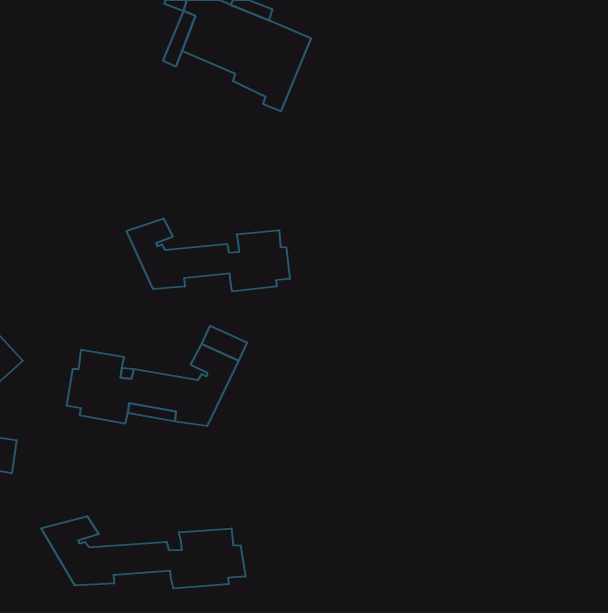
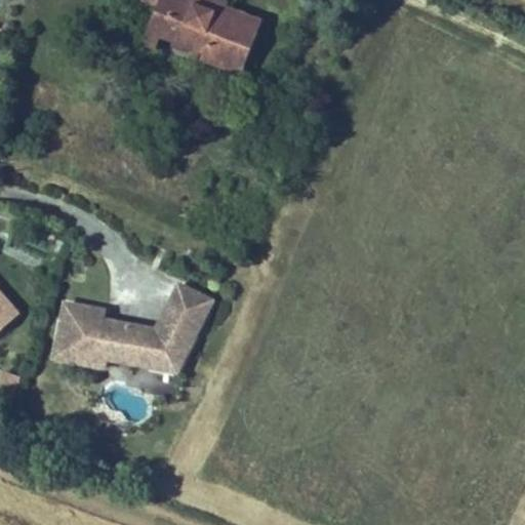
building: [127,218,290,291] -> none
building: [41,516,245,588] -> none

